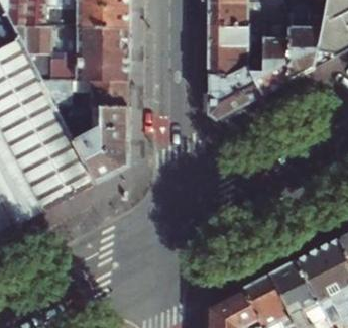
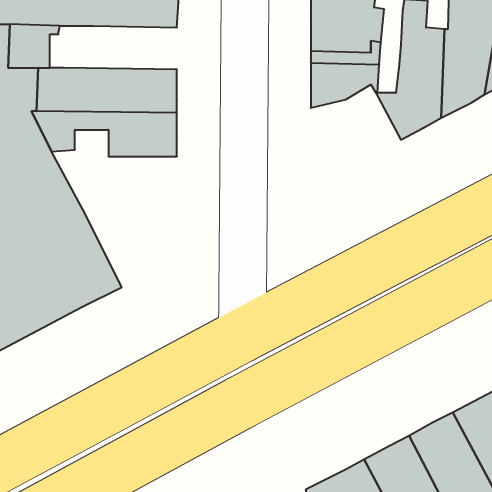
building: [59,26,127,52] -> none
building: [208,62,262,119] -> none
building: [71,105,127,184] -> none

